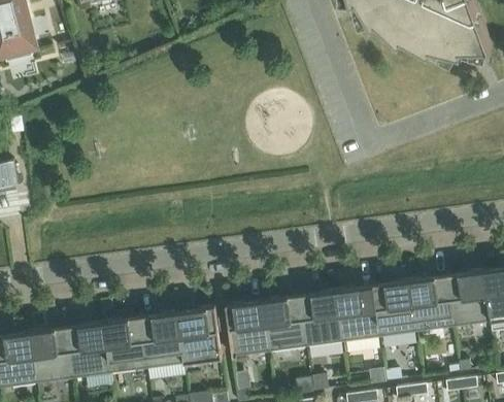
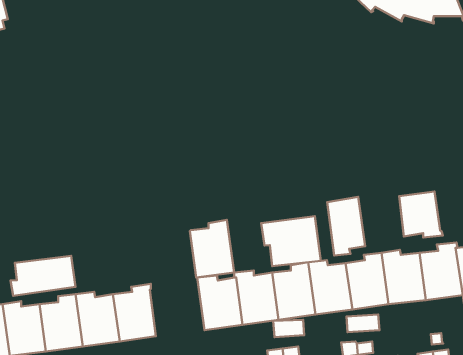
building: none -> [399,191,443,238]
building: none -> [327,197,365,255]
building: none -> [261,216,321,266]
building: none -> [11,256,75,296]
building: [177,305,222,363] -> [190,220,234,278]

